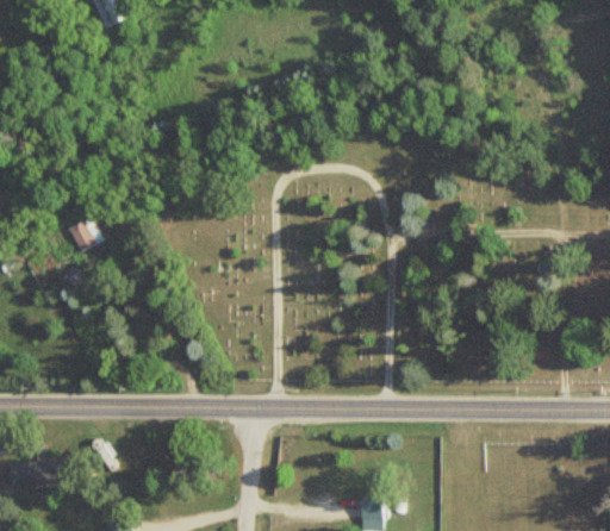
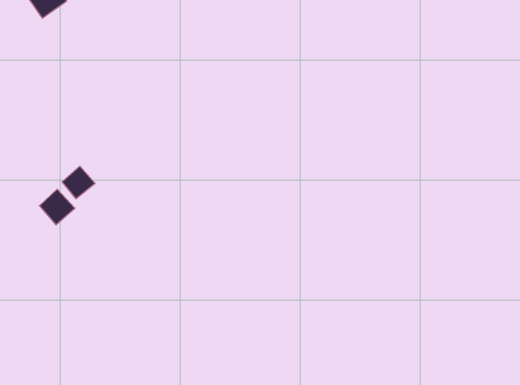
building: none -> [62,166,95,199]

